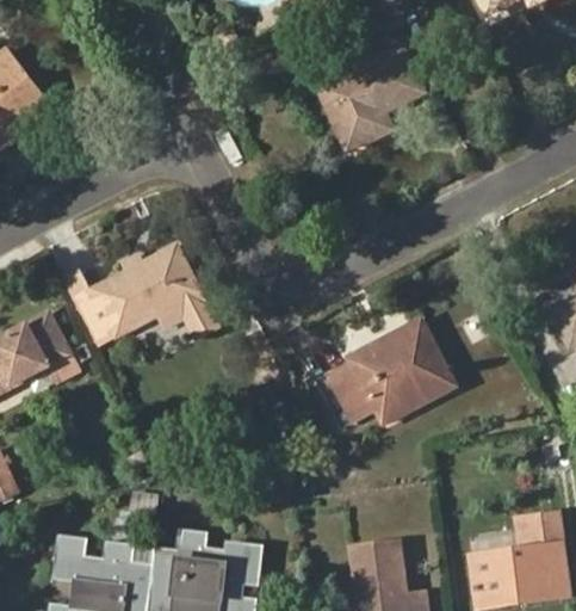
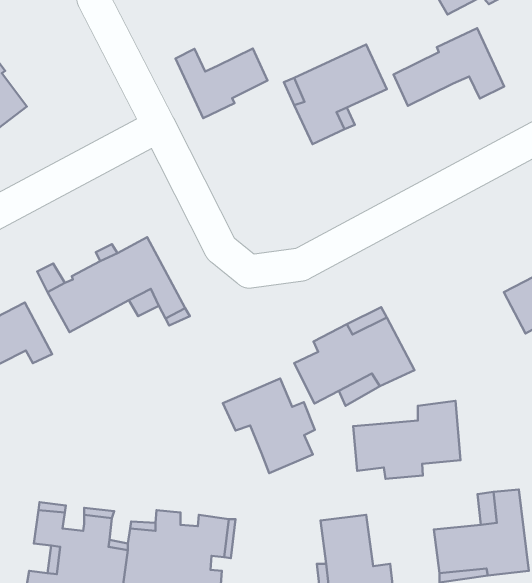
building: none -> [393,28,504,106]
building: none -> [176,48,268,118]
building: none -> [223,379,315,473]
building: none -> [353,401,460,479]

